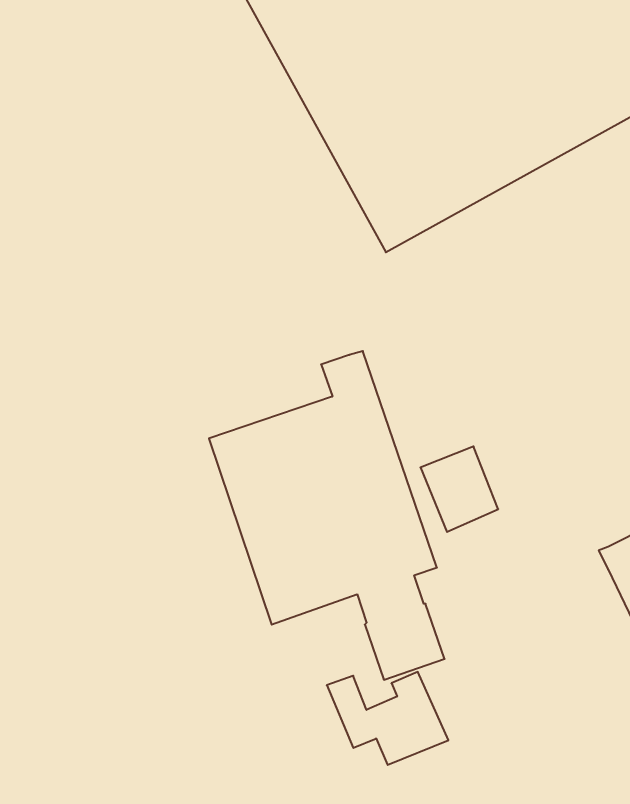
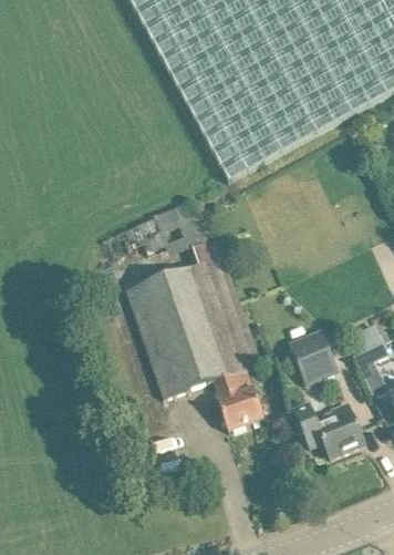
building: [420,446,498,532] -> [291,331,336,381]
building: [327,672,448,765] -> [294,402,365,456]

